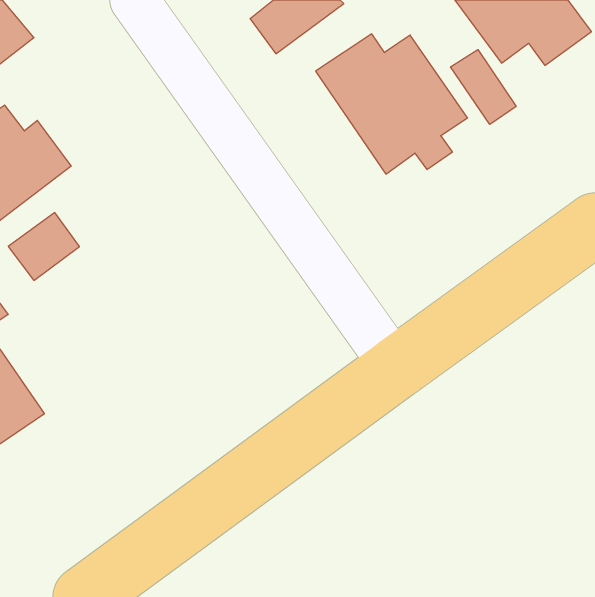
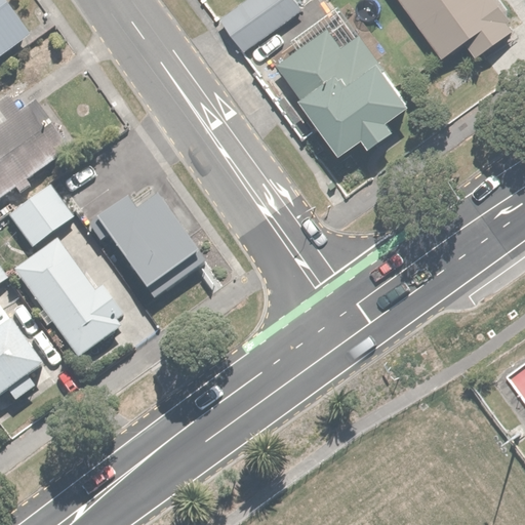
building: [451,50,516,124] -> none
building: none -> [93,184,200,297]
building: none -> [13,231,131,357]

